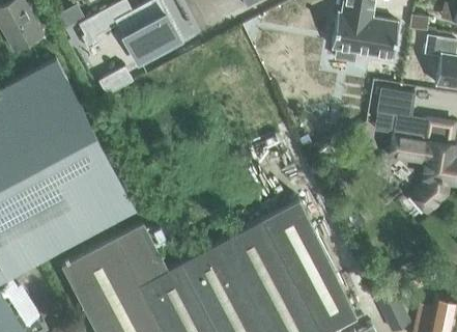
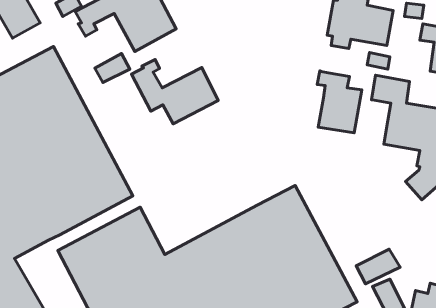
building: none -> [131,60,218,124]
building: none -> [317,71,362,133]
building: none -> [356,249,400,284]

